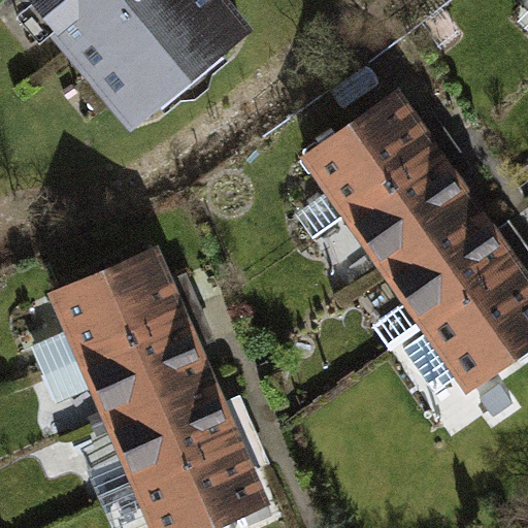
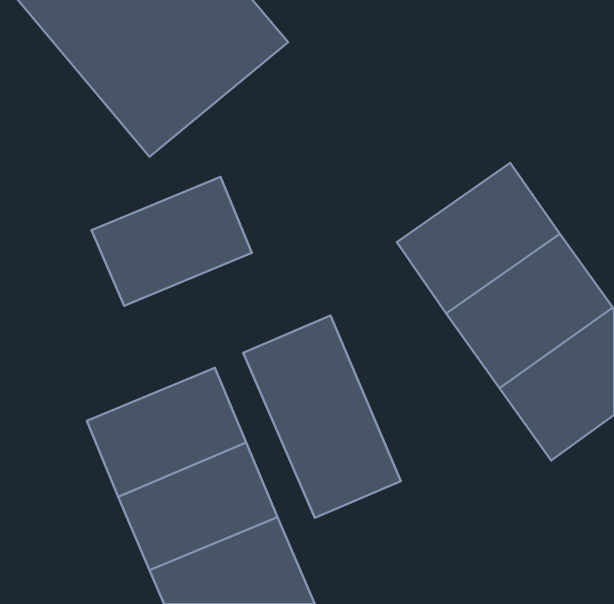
building: [303,89,436,207] -> none
building: [46,250,184,360] -> [91,177,252,306]
building: none -> [243,315,401,518]

